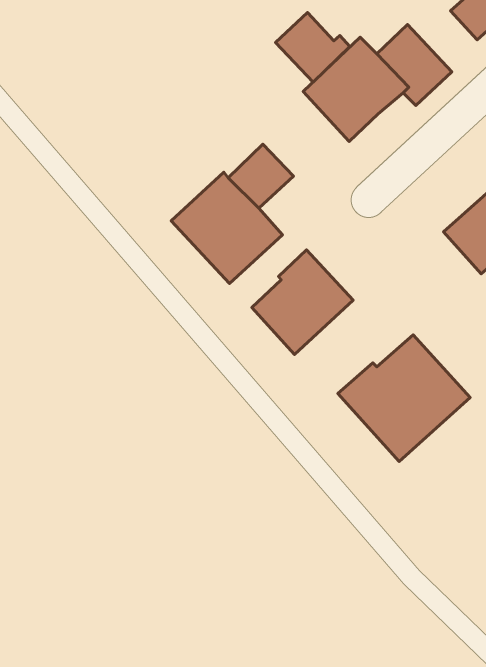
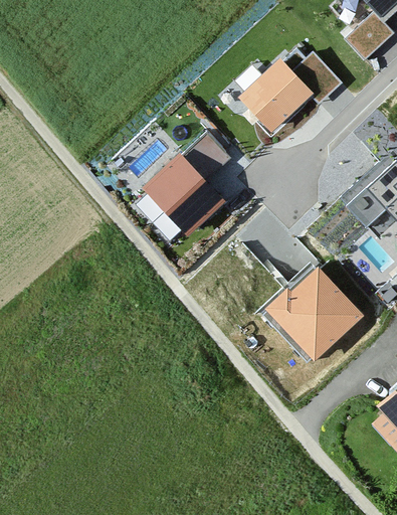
building: [275,13,350,82] -> none
building: [252,250,353,354] -> none

